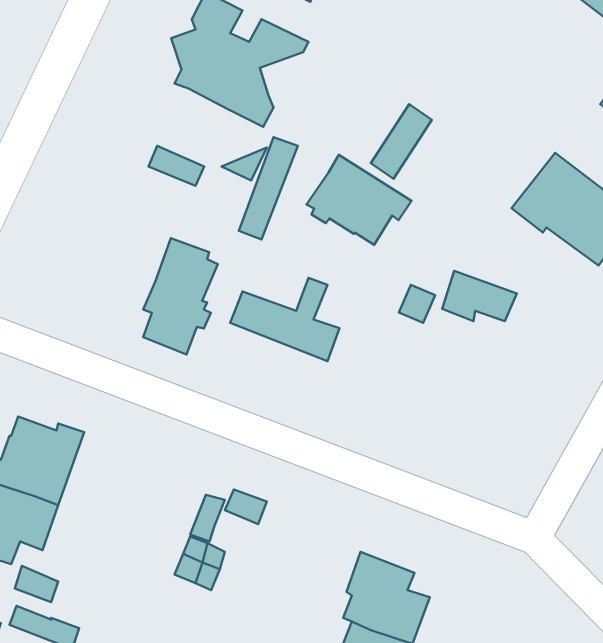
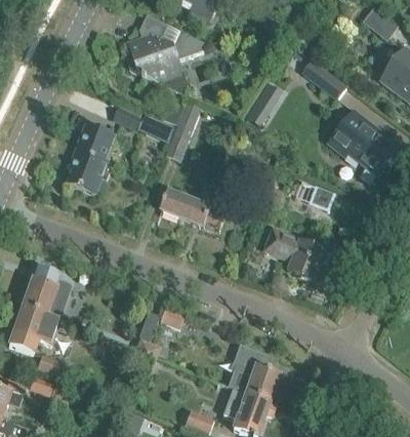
building: none -> [299,59,343,100]
building: [307,155,411,245] -> none
building: [143,238,218,355] -> [70,125,114,194]
building: none -> [263,228,345,279]

